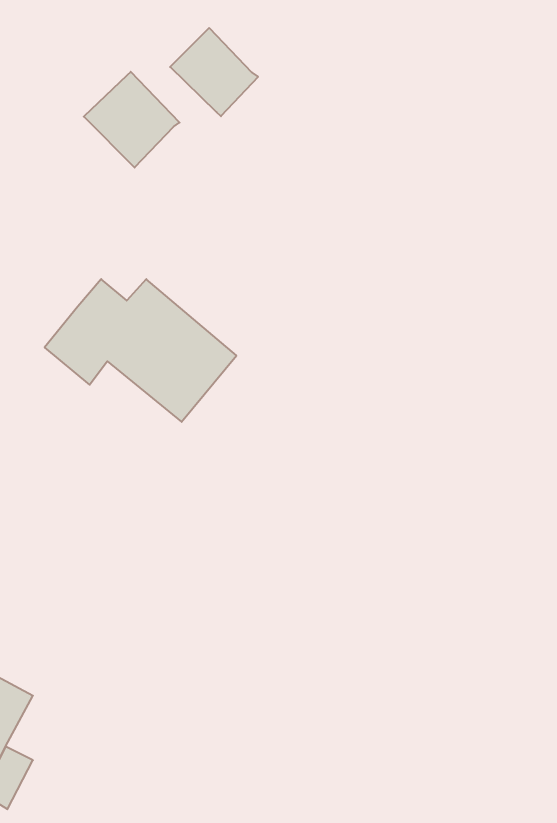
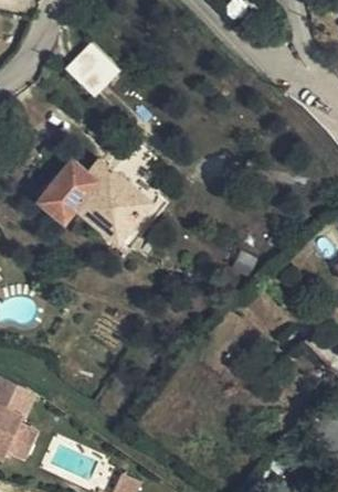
building: [170,28,258,116] -> none

